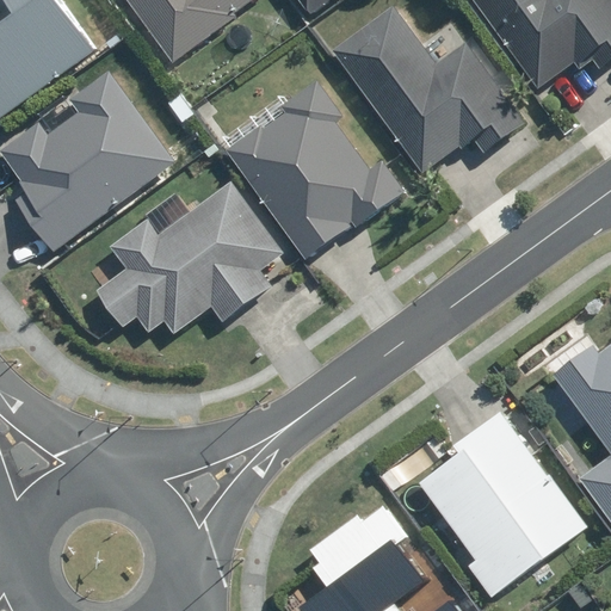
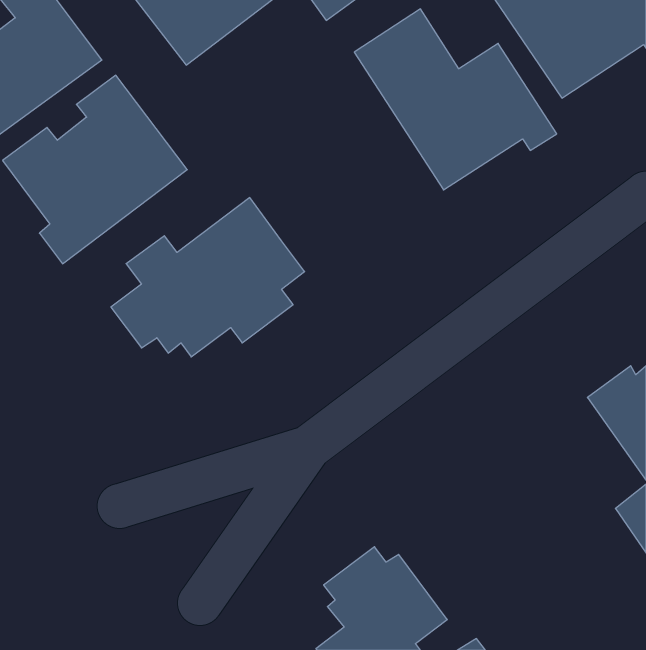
building: [228,81,405,260] -> none
building: [418,411,586,595] -> none

